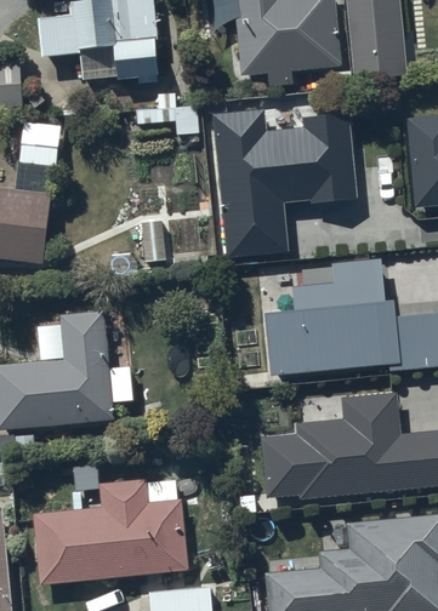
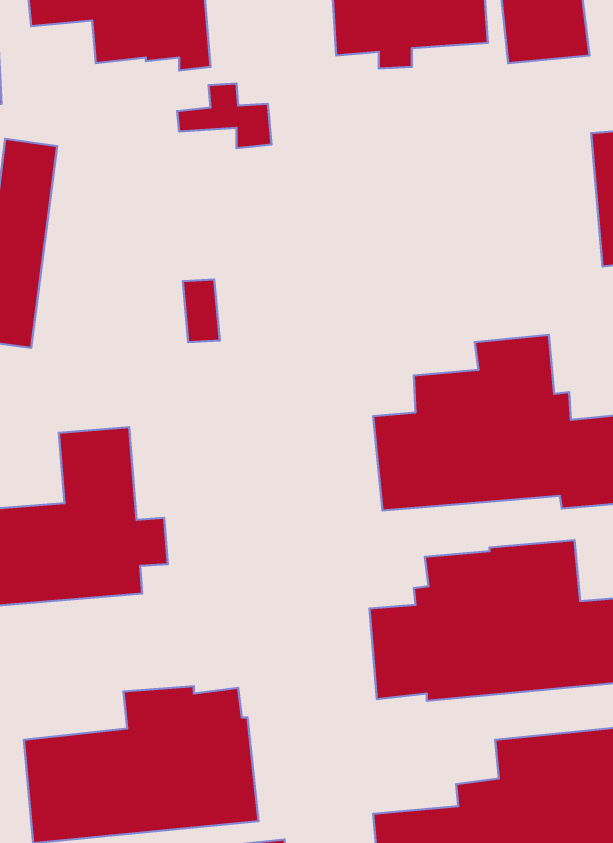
building: [211,101,355,257] -> none

